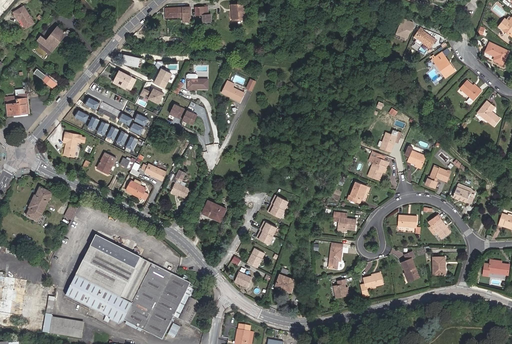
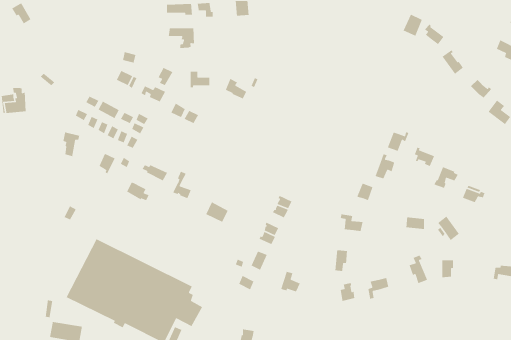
building: [32,26,66,54] -> none
building: none -> [168,27,195,49]
building: [25,186,53,221] -> none

